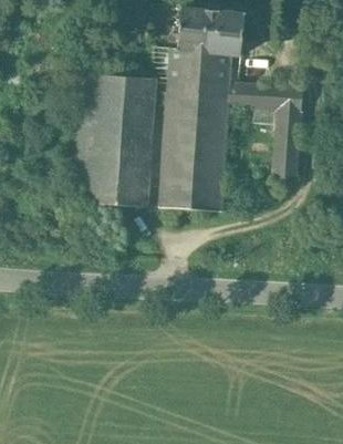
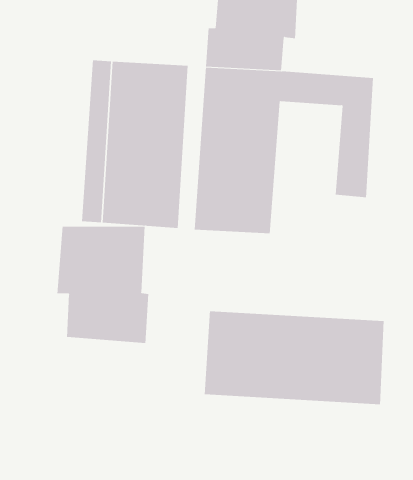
building: none -> [57,226,149,344]
building: none -> [204,311,384,405]

